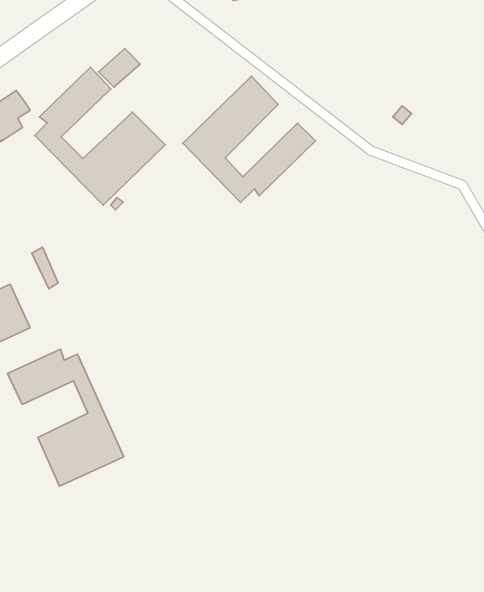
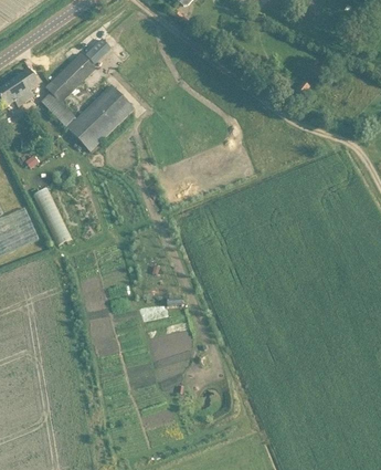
building: [183,76,316,202] -> none
building: [8,349,124,486] -> none

